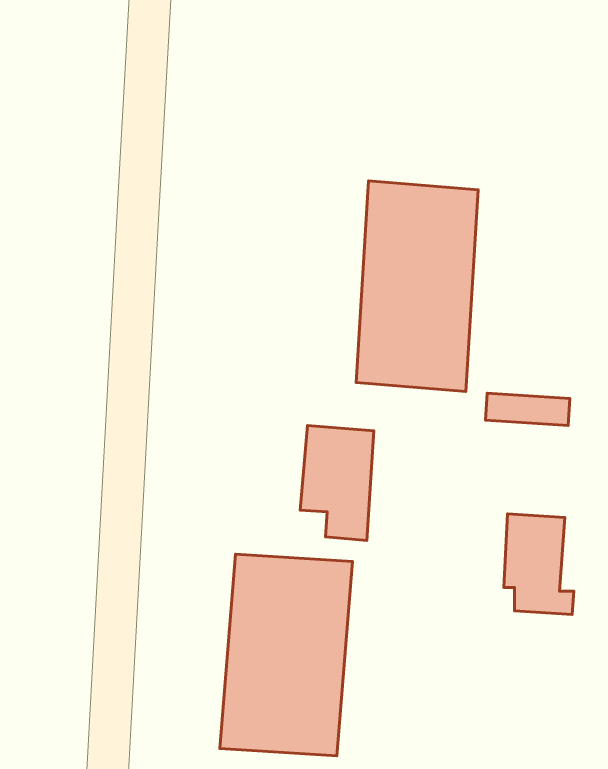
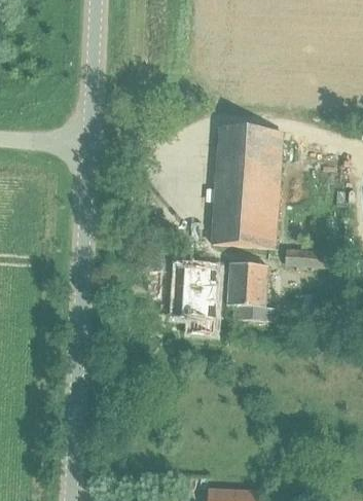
building: [504,514,574,615] -> [228,261,268,319]
building: [220,554,353,756] -> none

